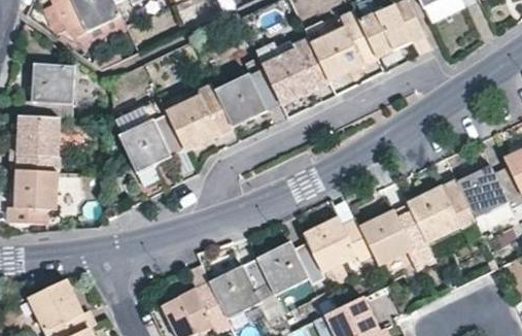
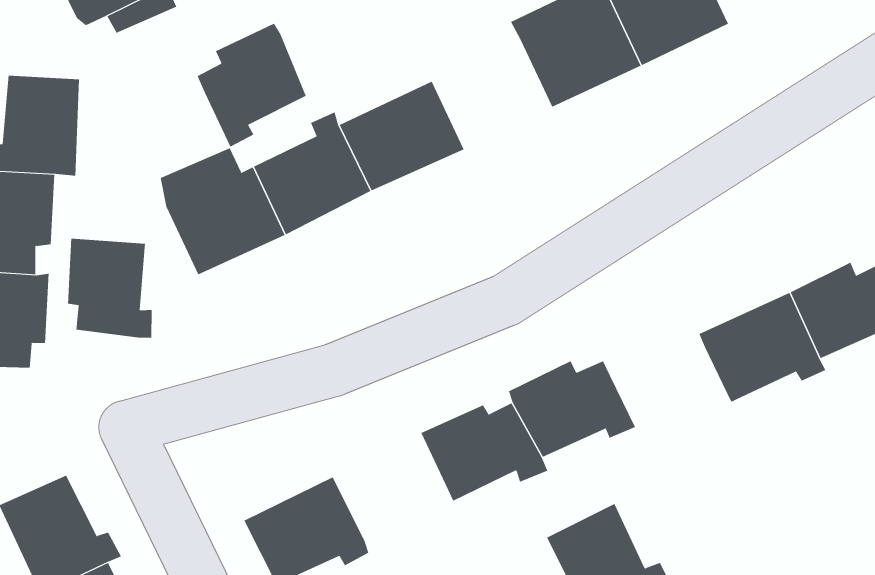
building: [257,35,327,104] -> none
building: none -> [197,23,307,148]
building: none -> [67,238,152,339]
building: [359,211,427,264] -> none
building: [209,258,276,316] -> none

